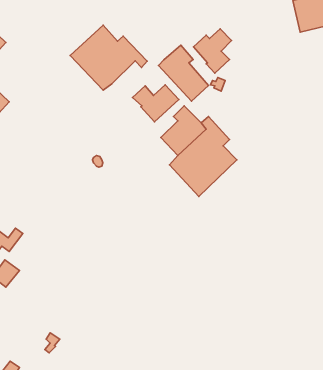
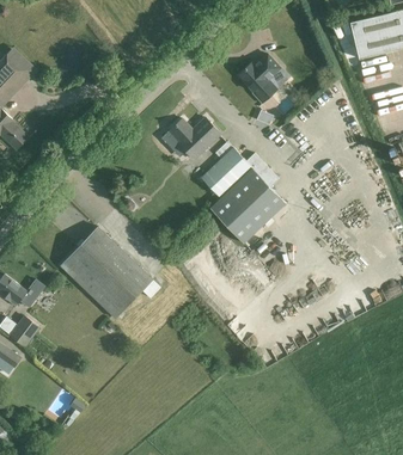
building: [70,25,147,90] -> none
building: [158,45,209,101] -> none
building: none -> [61,226,161,318]

